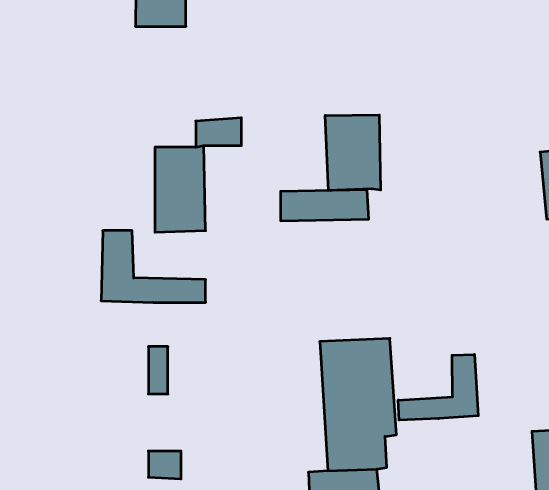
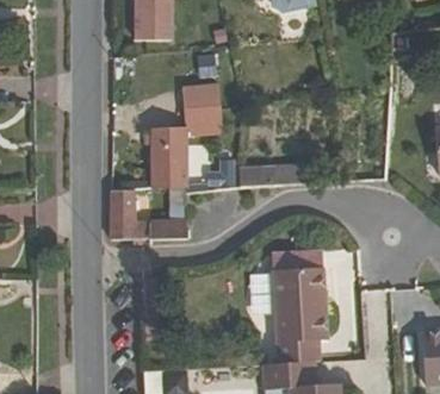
building: [325,115,381,190] -> none
building: [398,354,478,420] -> none

